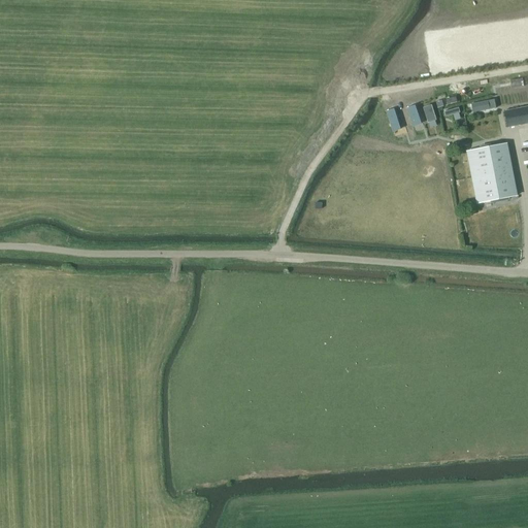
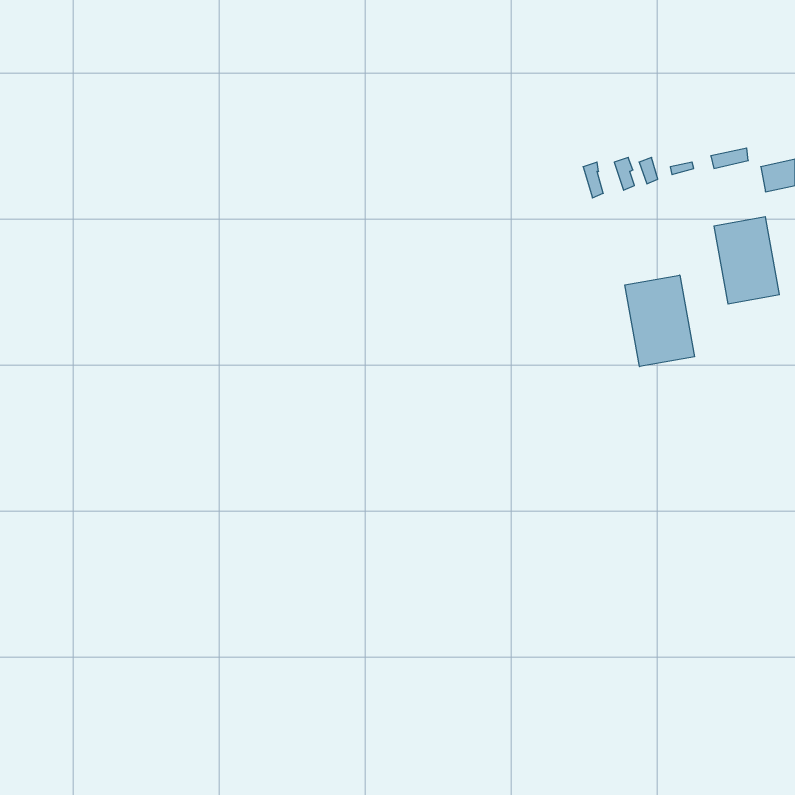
building: none -> [625,275,694,367]

